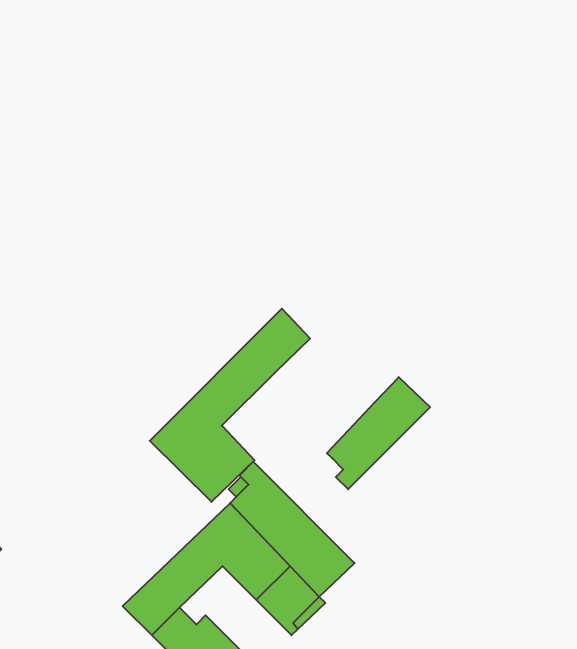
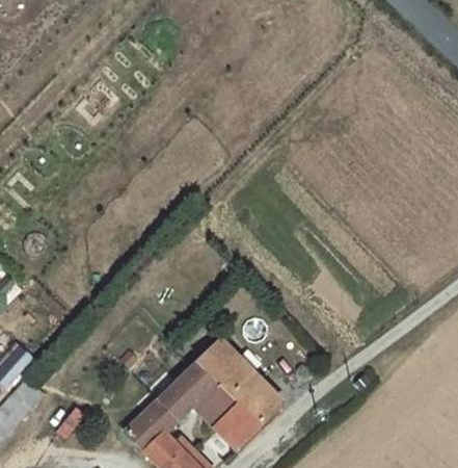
building: [150,309,310,502] -> none
building: [327,377,430,489] -> none

